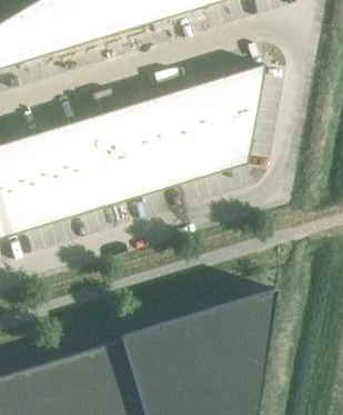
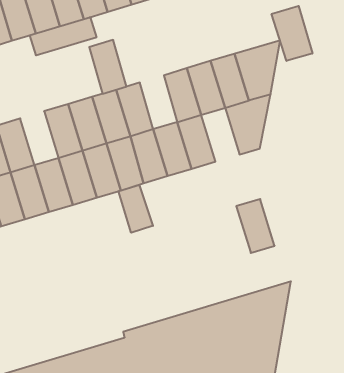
building: none -> [272,6,312,61]
building: none -> [30,17,96,55]
building: [134,97,169,147] -> [89,40,126,94]
building: [191,127,226,177] -> [236,199,275,253]
building: [23,130,59,180] -> none
building: none -> [118,185,153,233]

